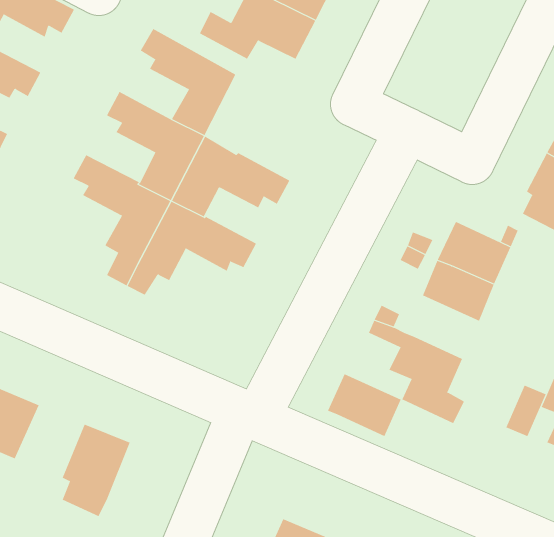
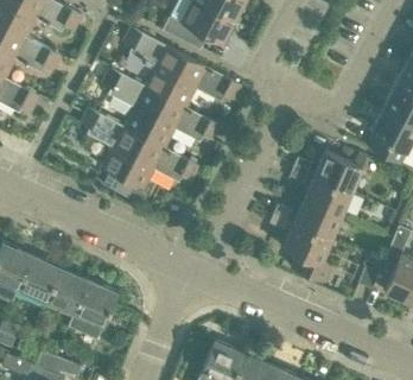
building: none -> [166,56,241,107]
building: [327,374,402,437] -> [294,197,342,238]
building: none -> [45,267,89,314]

